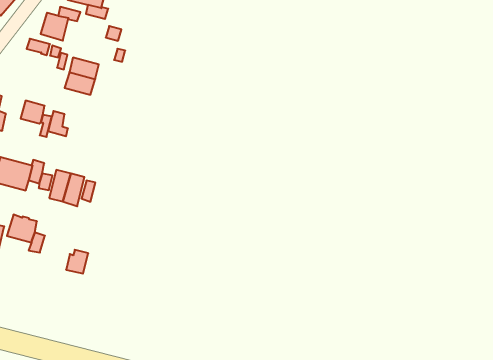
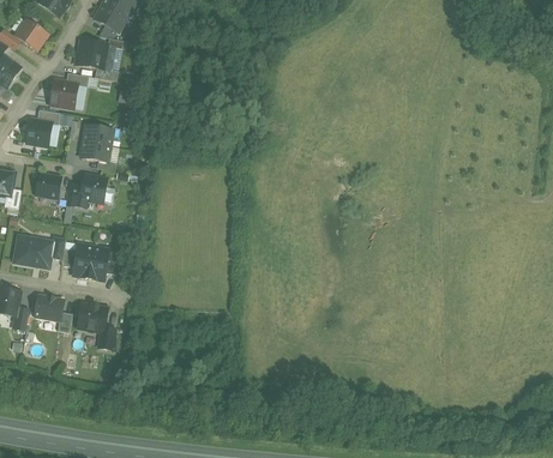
building: none -> [26,119,52,146]
building: none -> [80,174,107,201]
building: none -> [77,302,107,331]

